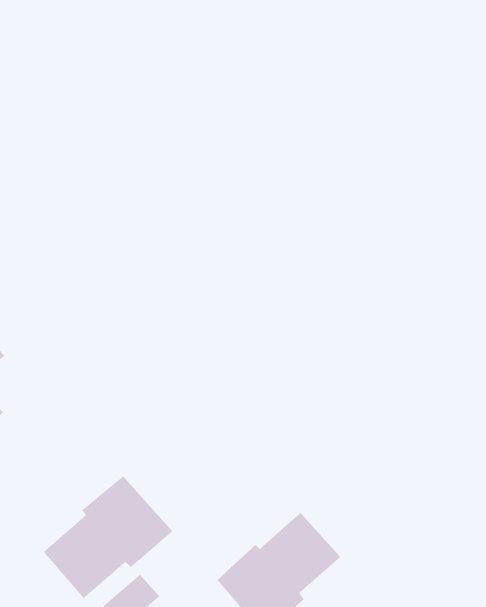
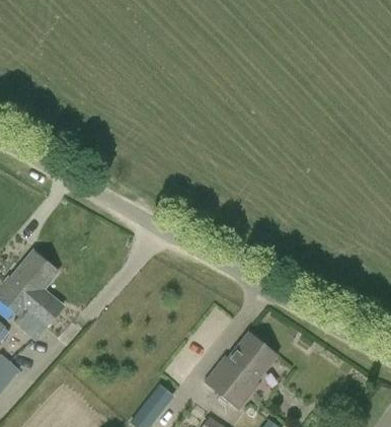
building: [43,475,173,599] -> none

